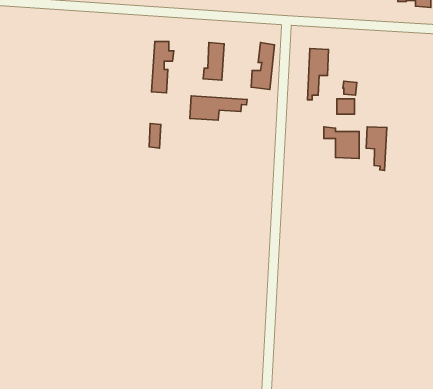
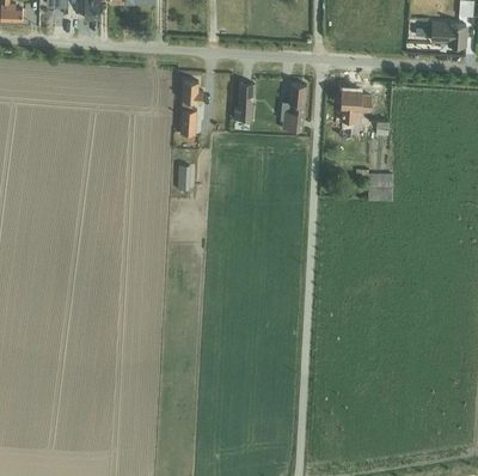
building: [190,96,247,120] -> none
building: [366,127,387,170] -> none

